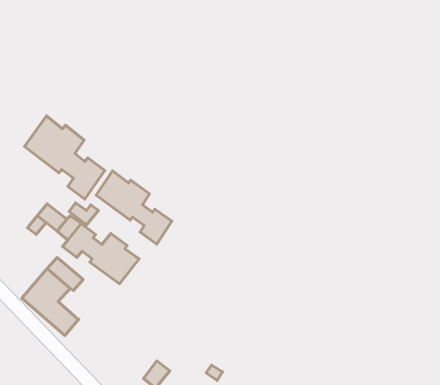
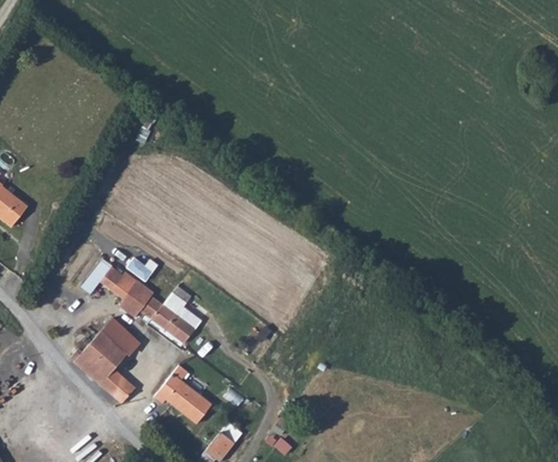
building: [24,116,105,199] -> none
building: [96,171,172,244] -> none
building: none -> [152,365,214,425]

